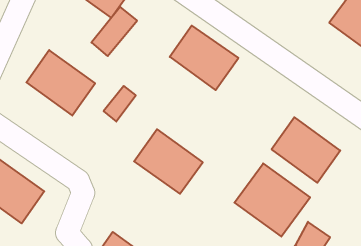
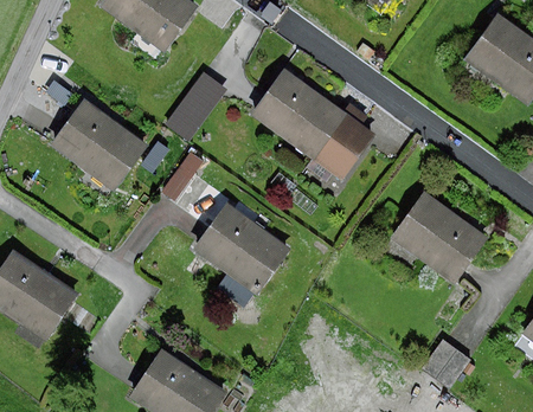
building: [91,7,137,56] -> [162,71,226,140]
building: none -> [312,109,378,178]
building: [234,163,310,237] -> none

